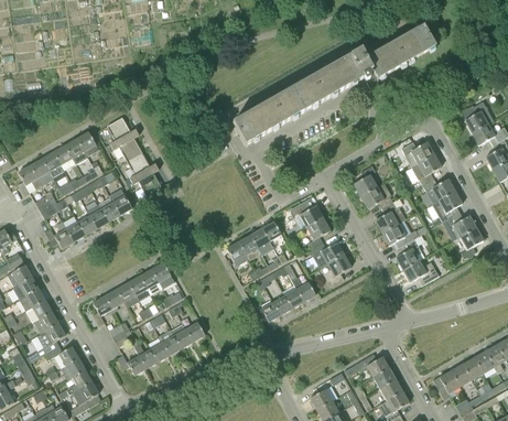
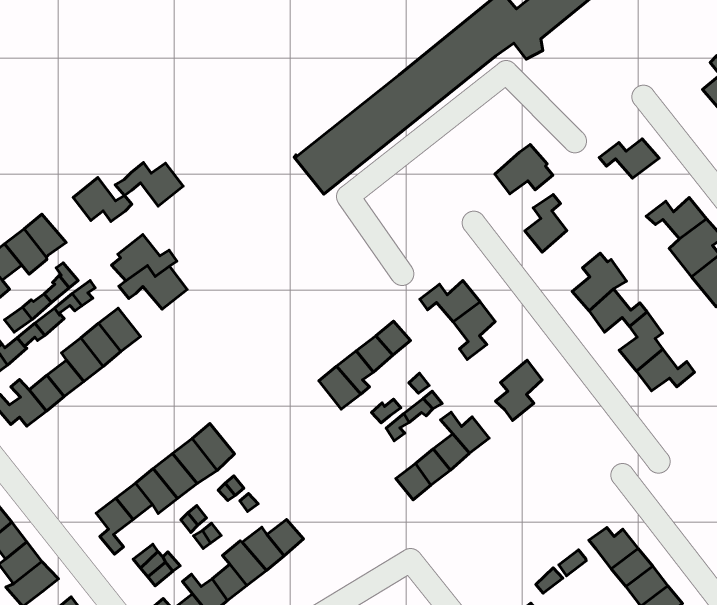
building: [105,134,142,160] -> [115,162,183,206]
building: [411,153,442,184] -> none
building: [361,182,393,207] -> [495,145,553,194]
building: [311,240,344,267] -> none

